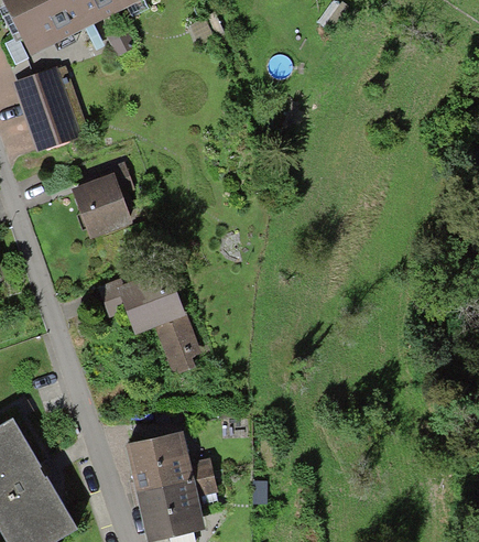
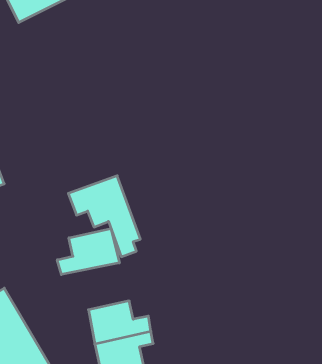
building: [14,65,88,151] -> none
building: [70,161,135,239] -> none
building: none -> [57,229,119,275]

